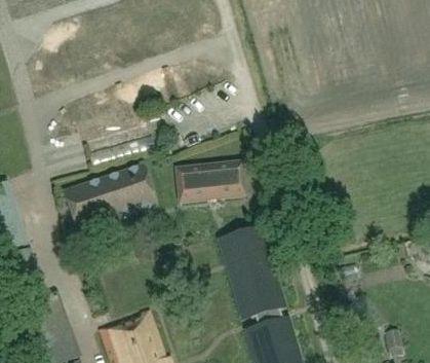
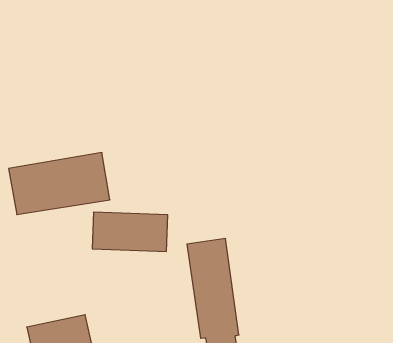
building: [179,162,246,201] -> [92,212,168,251]

